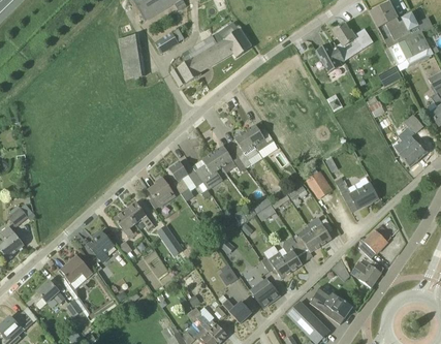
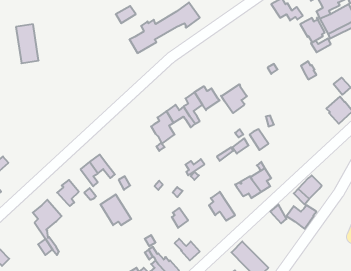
building: [119,33,145,77] -> [16,24,39,63]
building: [316,44,344,72] -> [300,18,325,42]
building: none -> [221,84,247,113]
building: [168,158,202,201] -> none
building: [337,176,378,209] -> none
building: [149,180,175,209] -> none
building: [282,237,302,272] -> none
building: [249,277,280,308] -> none
building: [31,280,65,308] -> none
building: [310,285,352,324] -> none

